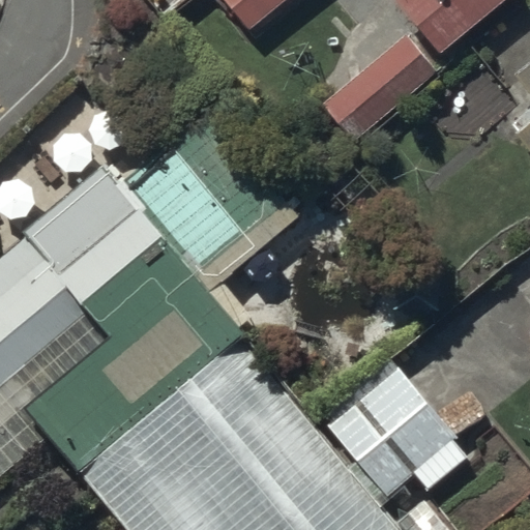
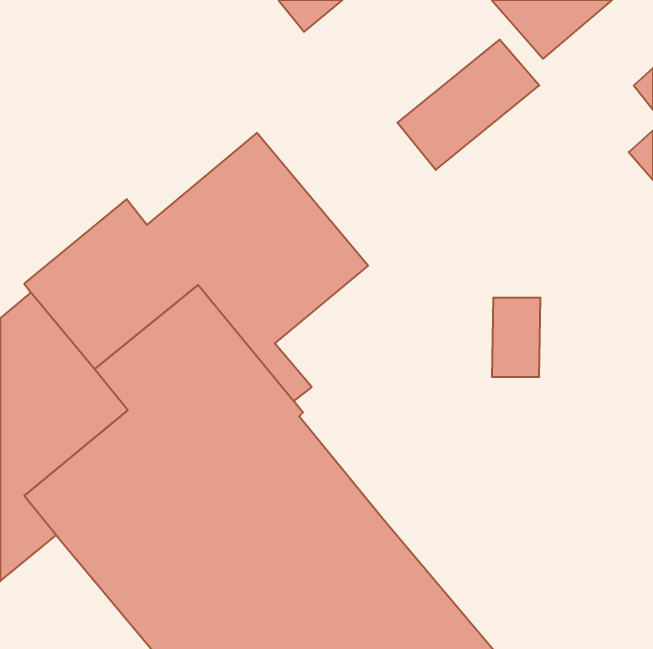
building: [324,363,465,497] -> none

